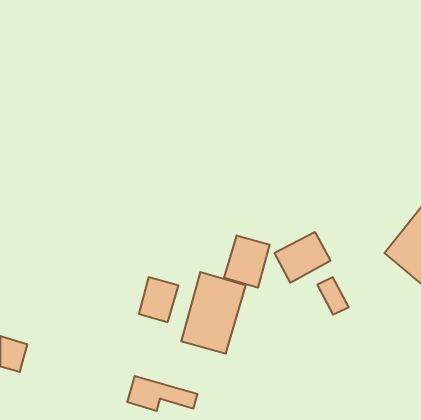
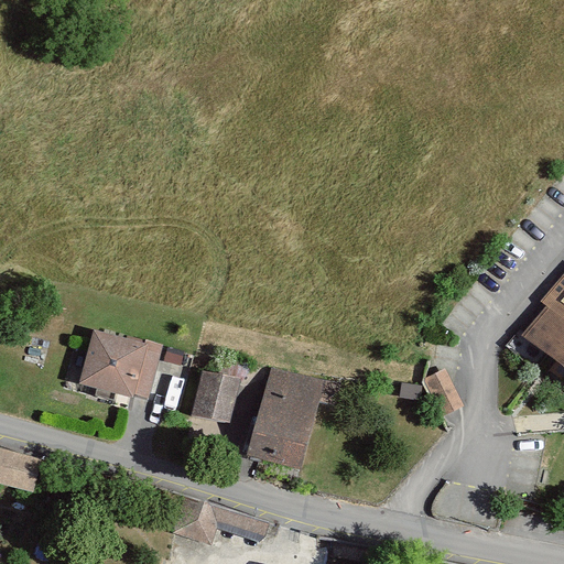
building: [275,232,330,283] -> none
building: [224,235,270,288] -> none
building: none -> [78,325,164,401]

